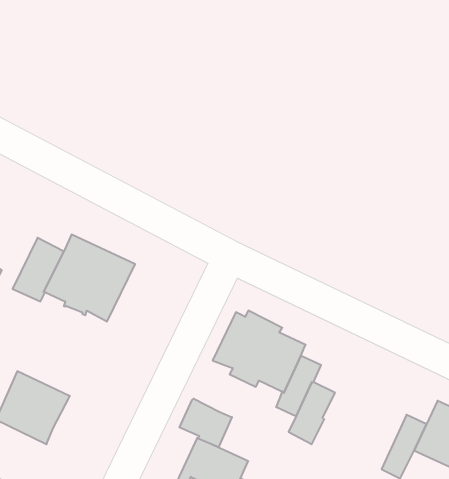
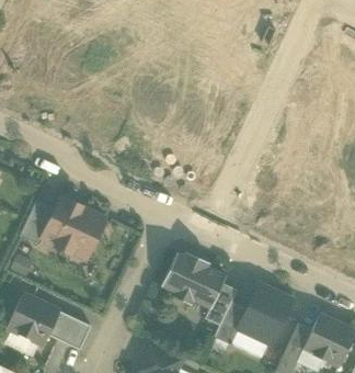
building: none -> [238,287,291,344]
building: none -> [47,313,90,351]
building: [179,399,232,447] -> none

